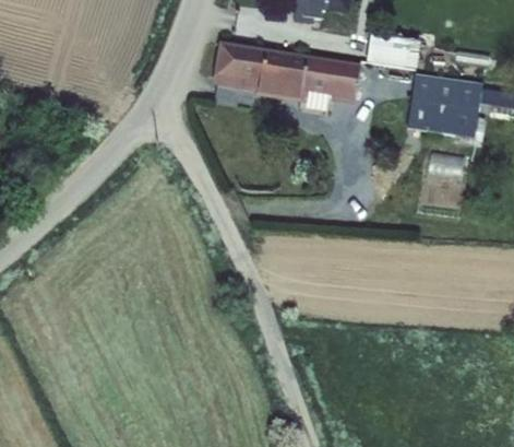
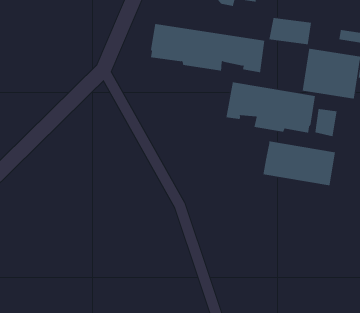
building: none -> [226,82,316,134]
building: none -> [263,141,335,186]

